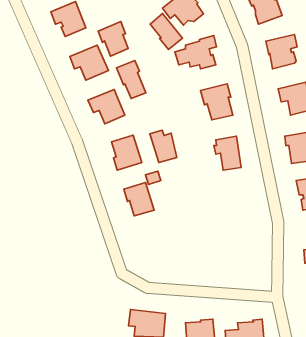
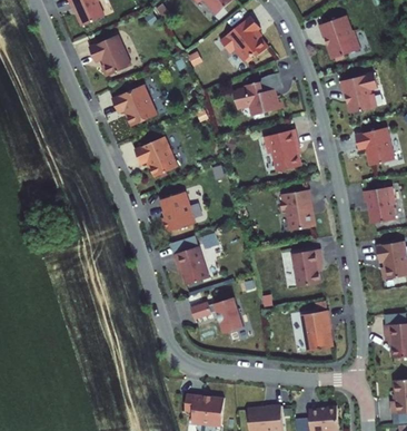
building: [150,14,182,50] -> none
building: [98,22,128,56] -> none
building: [116,61,146,99] -> none
building: [150,130,177,163] -> none
building: none -> [292,248,324,286]
building: none -> [189,294,242,335]
building: none -> [301,310,332,350]

